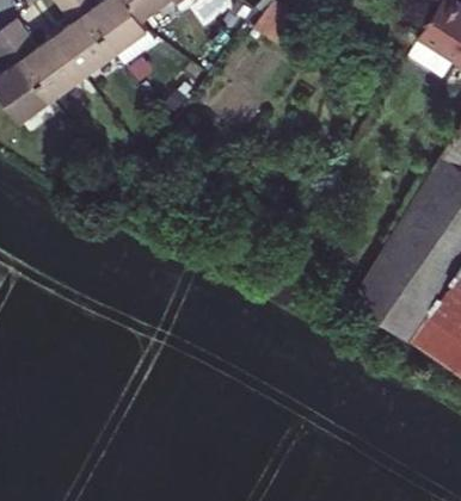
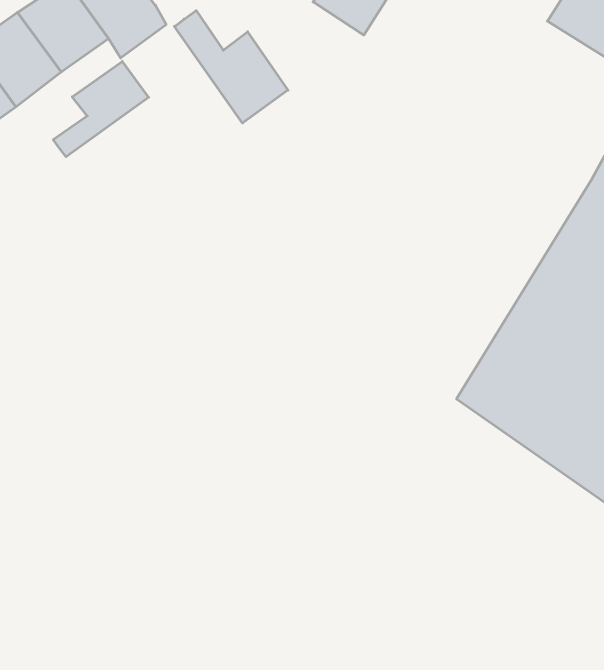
building: none -> [174,11,288,123]
building: none -> [53,61,149,157]

